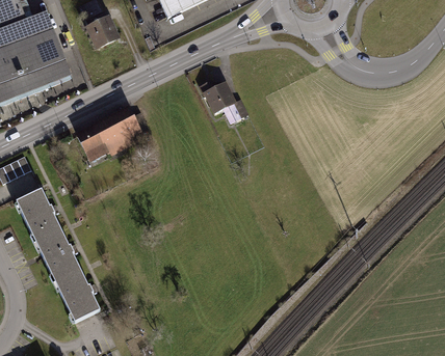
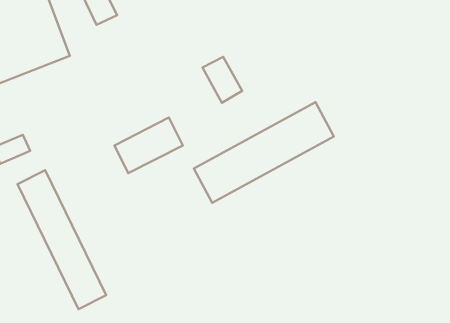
building: [81,104,148,158] -> [114,118,183,173]
building: none -> [194,102,334,203]

